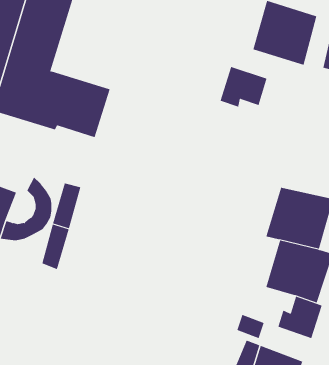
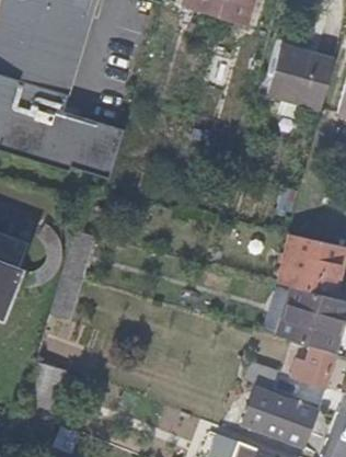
building: [220,66,267,107] -> none

